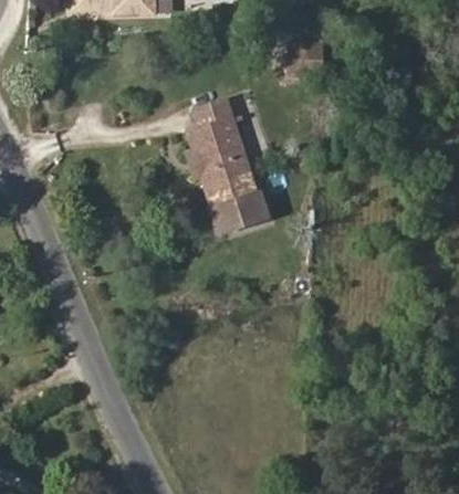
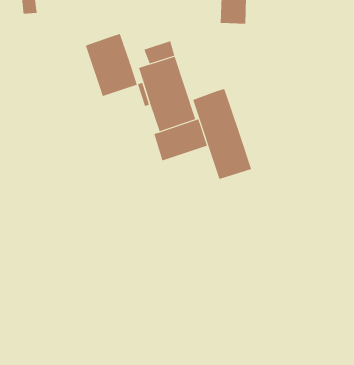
building: none -> [85,33,138,97]
building: none -> [193,88,252,180]

